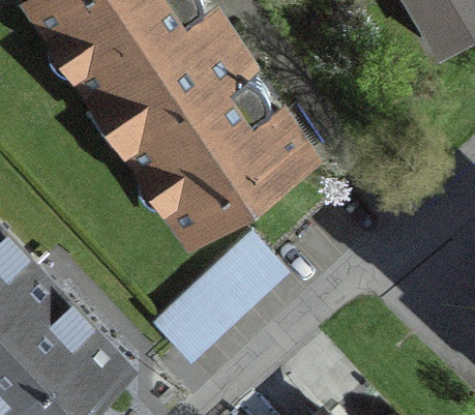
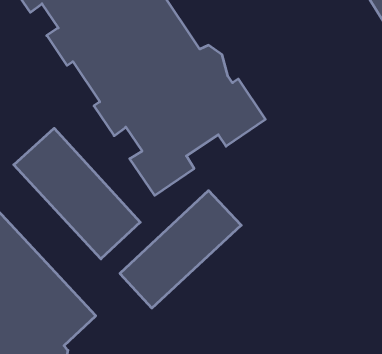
building: none -> [14,128,140,259]

